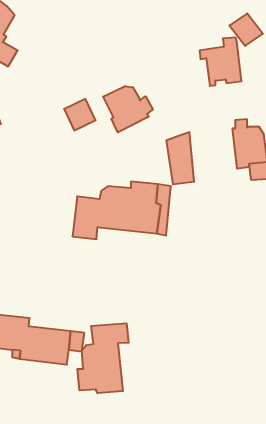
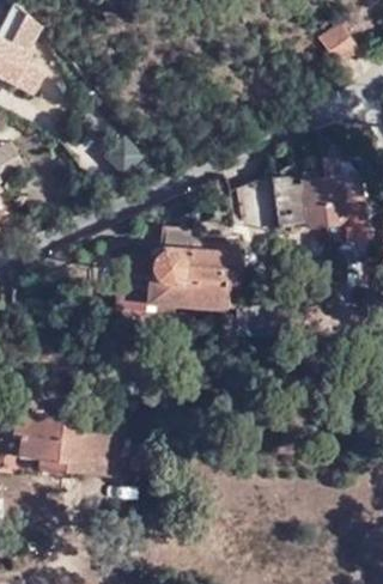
building: [200,38,241,86] -> [273,168,327,230]
building: [103,86,153,132] -> none
building: [78,323,129,393] -> none

